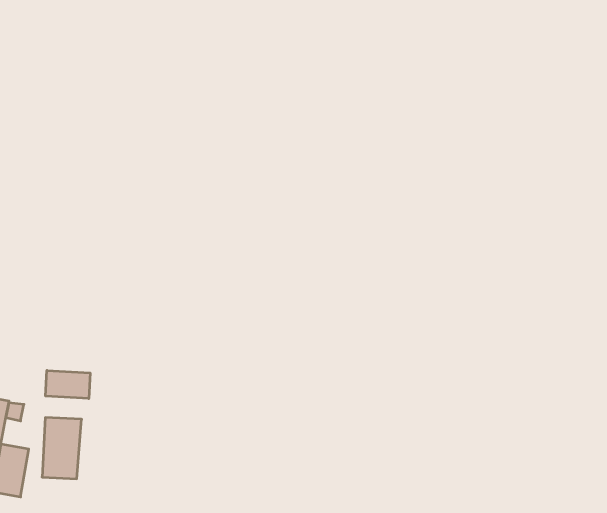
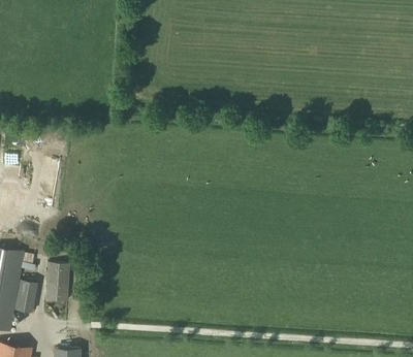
building: [46,370,90,399] -> none

